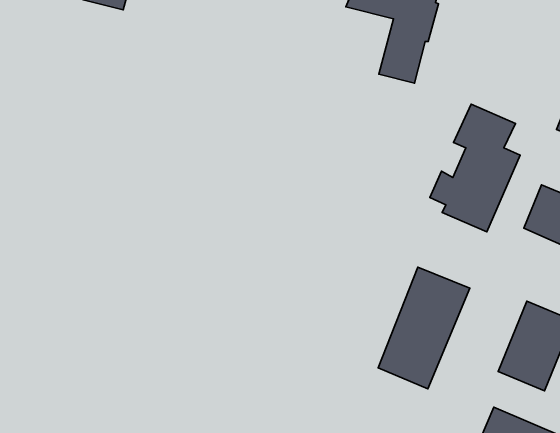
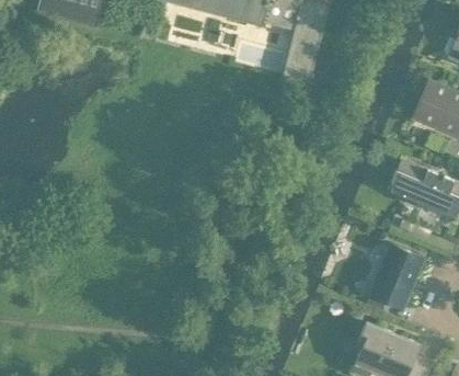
building: [430,104,520,232] -> none
building: [378,267,470,389] -> none

